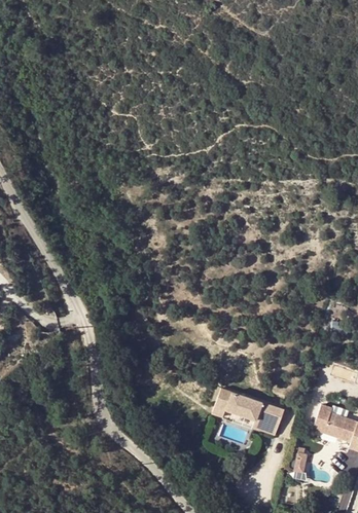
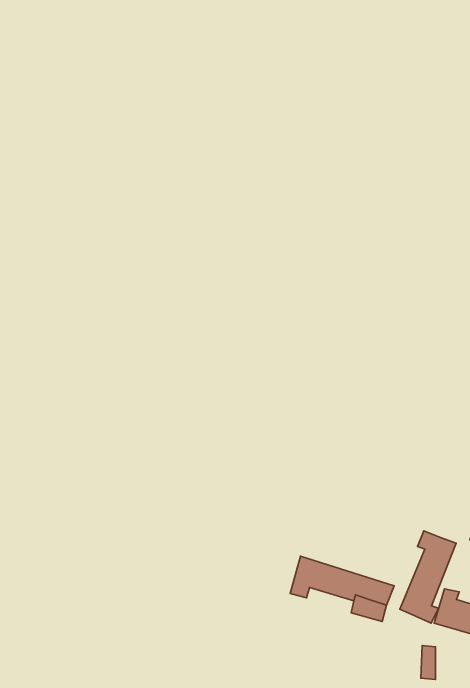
building: none -> [400,531,456,623]

